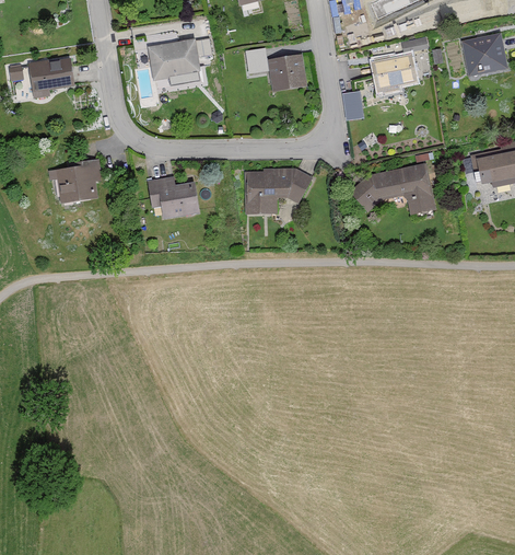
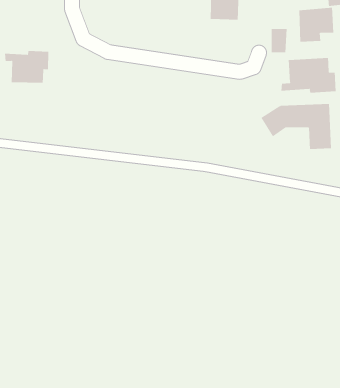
building: none -> [281,57,336,94]
building: [245,169,313,213] -> none
building: [148,177,200,220] -> none

